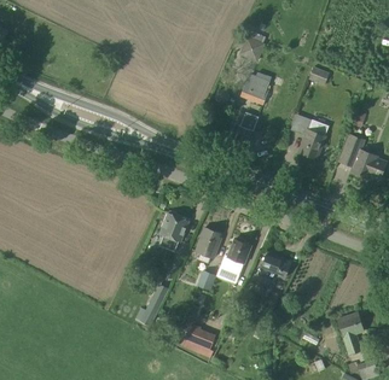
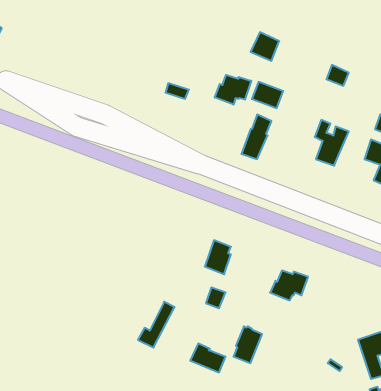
building: none -> [215,75,251,105]
building: [159,212,188,251] -> none
building: [225,238,251,271] -> [233,326,262,363]

